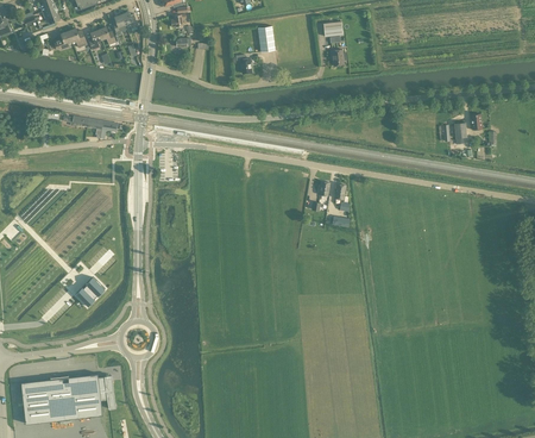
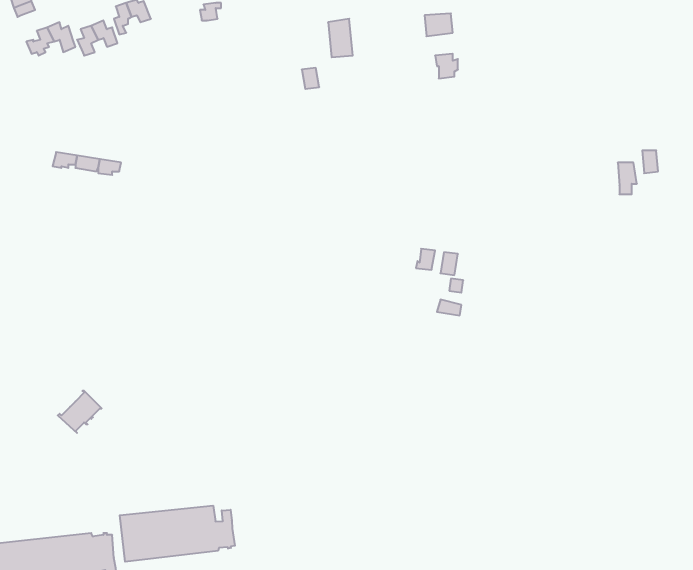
building: none -> [120,506,235,562]

